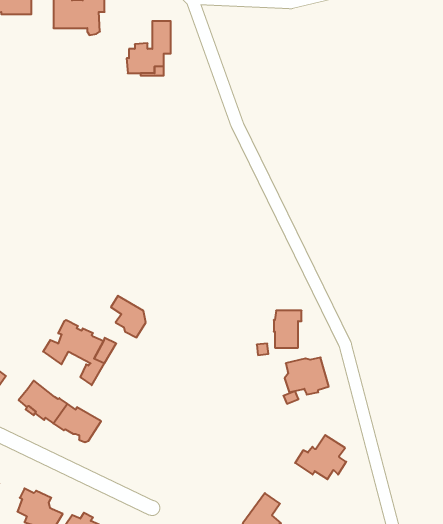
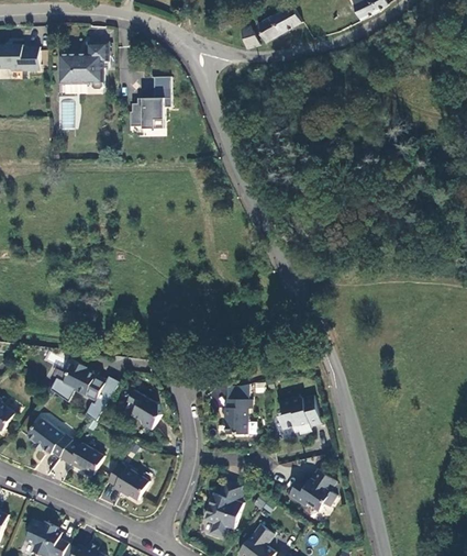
building: [111,296,146,337] -> [127,390,160,430]
building: [274,311,302,348] -> [224,399,251,434]
building: none -> [107,463,148,500]
building: none -> [203,480,243,538]

